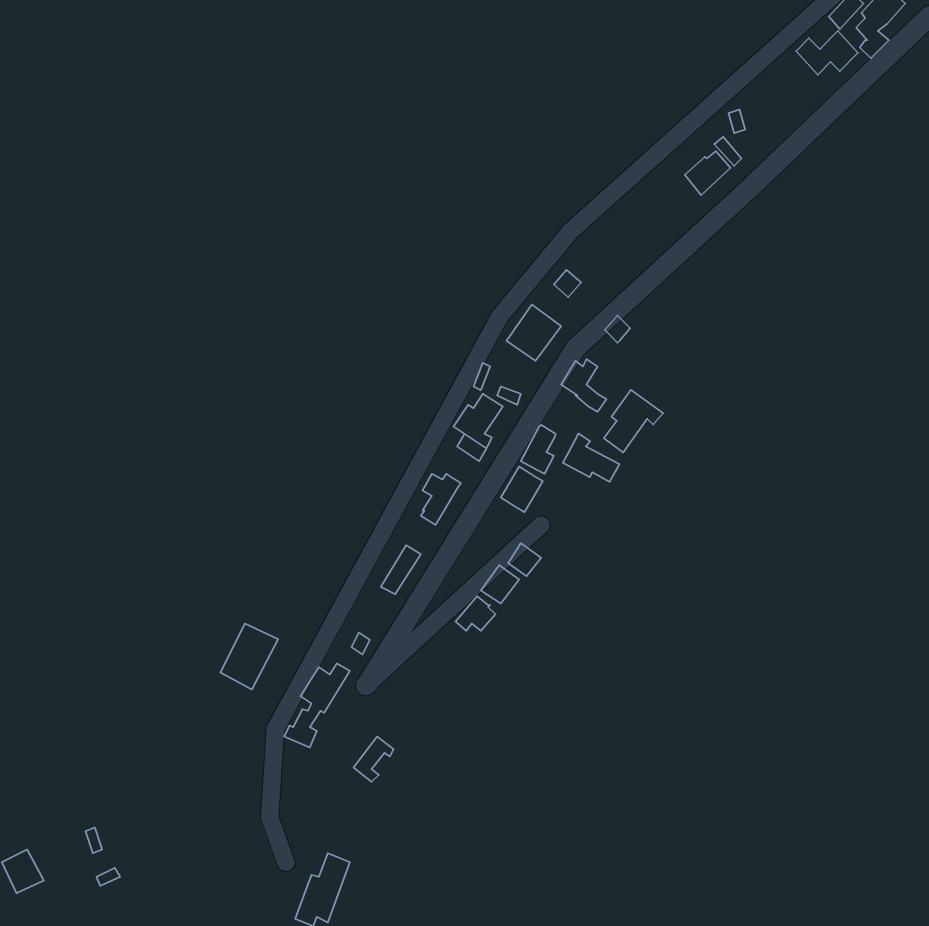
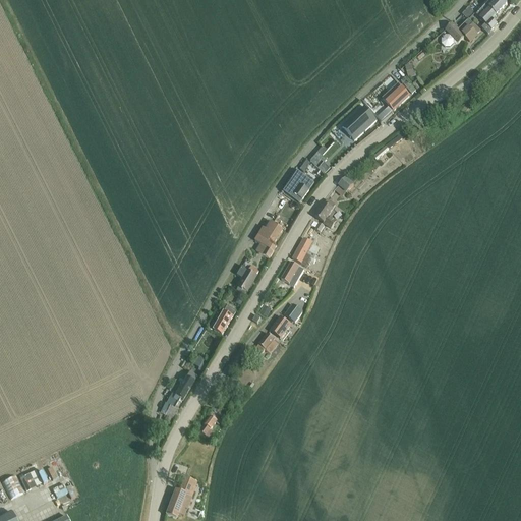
building: none -> [341,106,375,139]
building: [604,390,663,453] -> none
building: [563,433,619,482] -> none
building: [221,624,278,689] -> none

